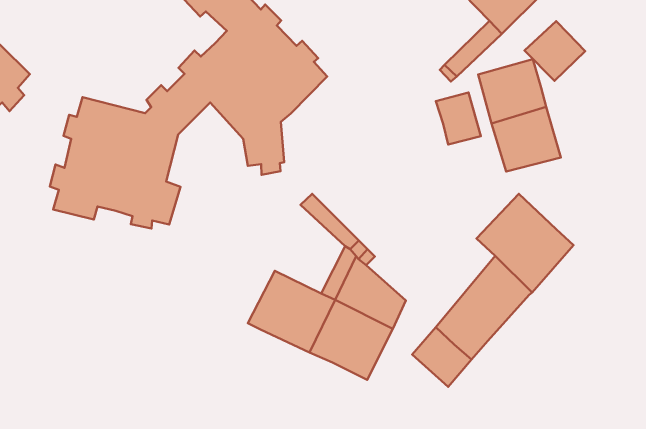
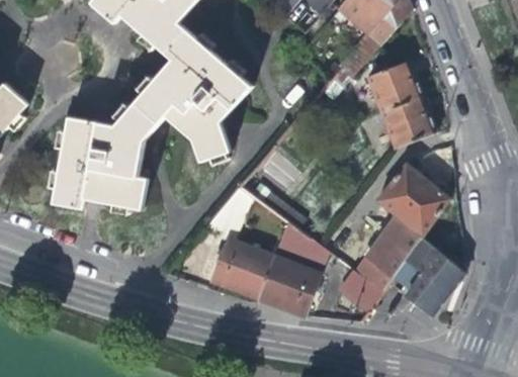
building: [525,21,585,81] -> none
building: [436,93,481,144] -> none
building: none -> [392,239,462,316]

